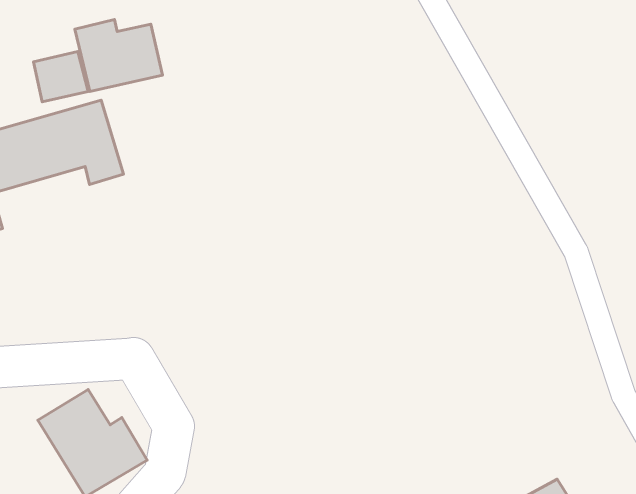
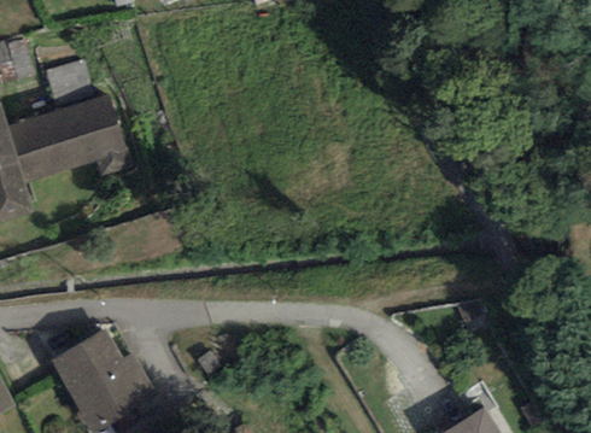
building: [75,19,162,92] -> none

